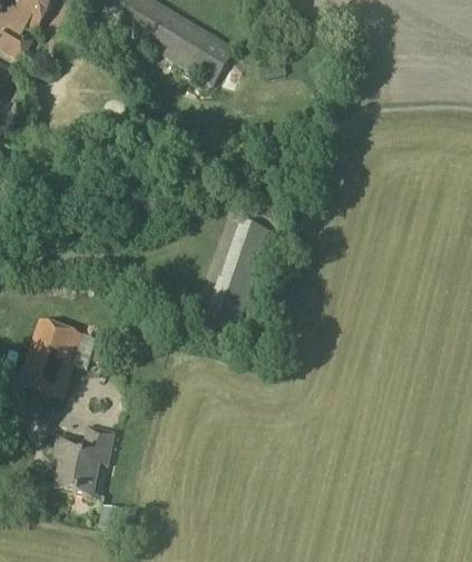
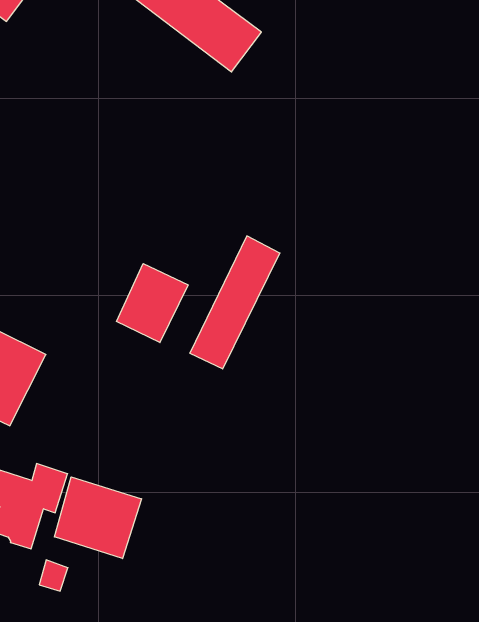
building: none -> [117,264,188,343]
building: none -> [54,477,142,559]

